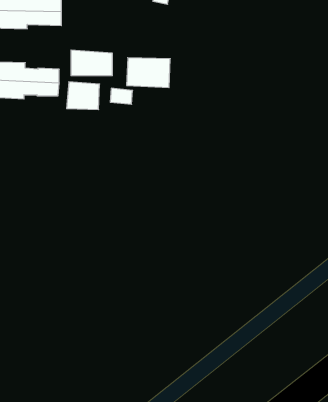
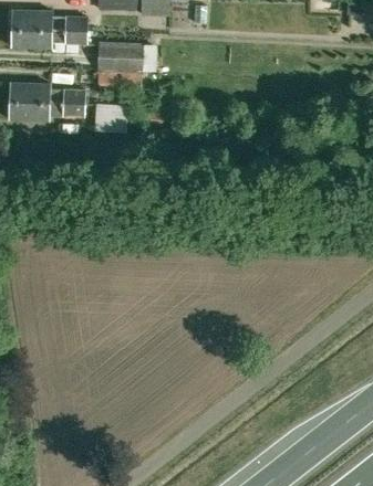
building: [127,58,170,88] -> [97,39,143,70]

